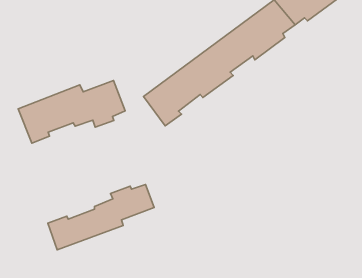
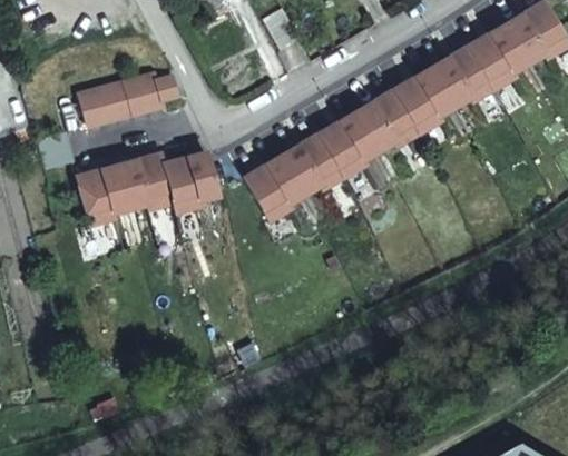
building: none -> [79,73,178,126]
building: [48,184,154,250] -> none

